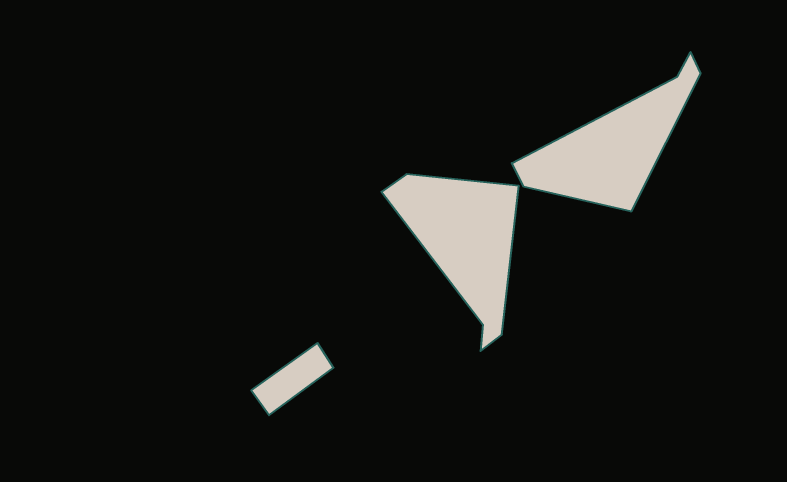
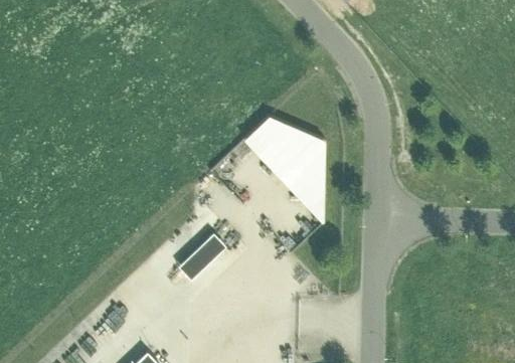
building: [512,52,700,212] -> none

